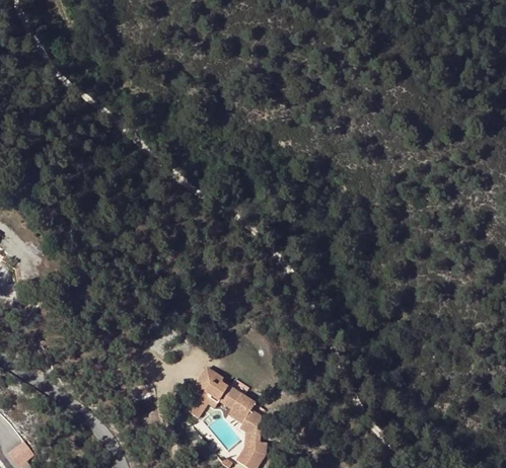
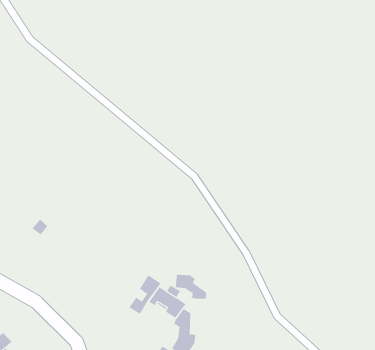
building: none -> [175,274,207,300]

